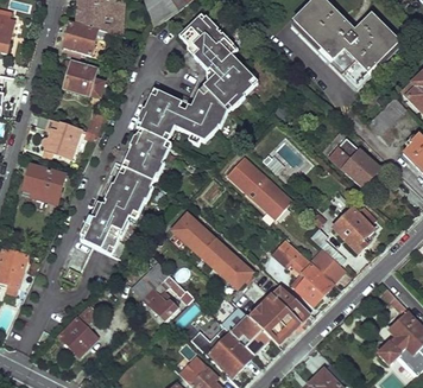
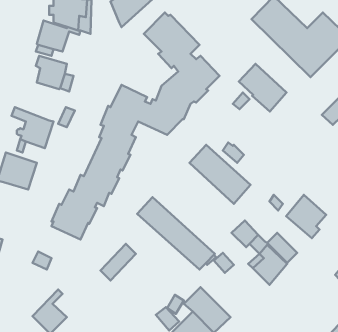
building: [328,134,379,185] -> [239,64,287,112]
building: [144,274,195,322] -> none
building: [248,286,308,345] -> none

